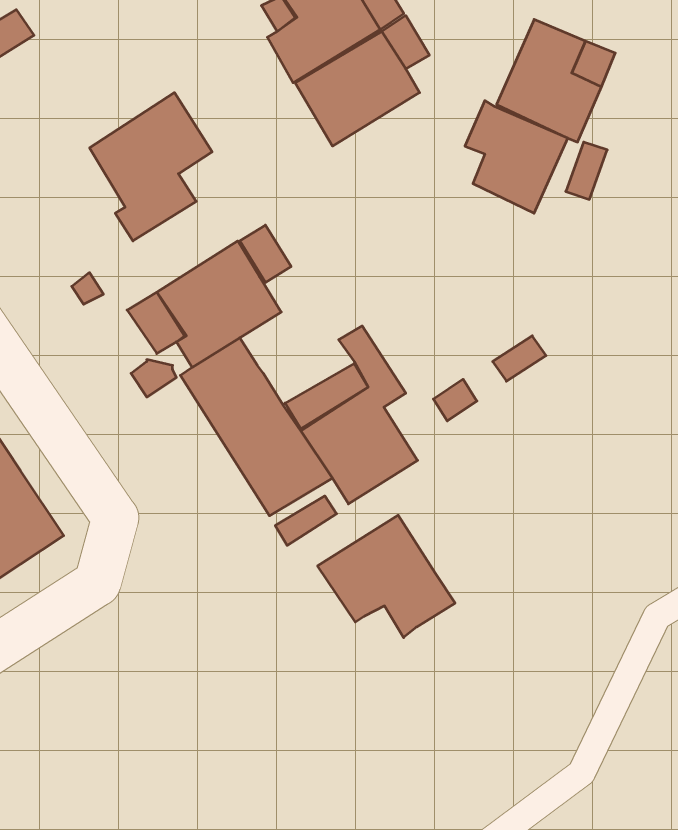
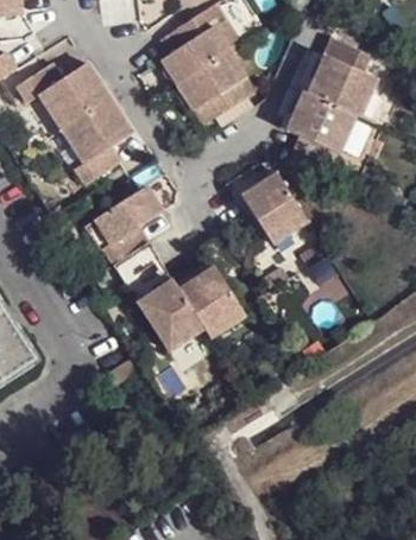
building: none -> [14,62,107,126]
building: none -> [241,173,310,242]
building: [318,515,455,638] -> none

